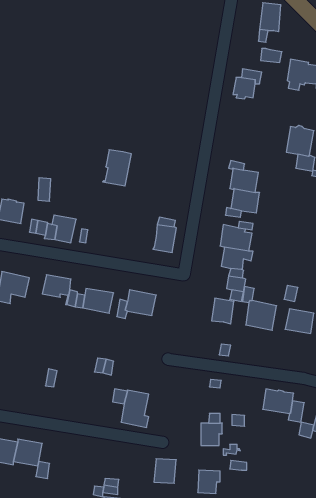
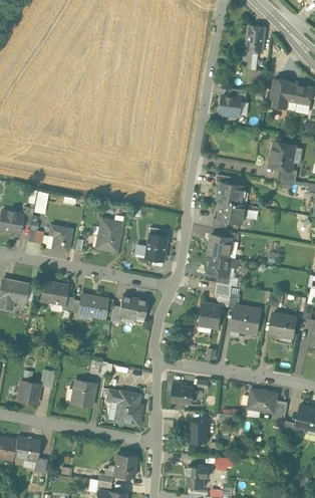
building: [103,150,131,186] -> [95,219,122,253]
building: none -> [71,378,96,407]
building: none -> [17,381,40,405]
building: none -> [171,383,193,405]
building: [154,459,176,483] -> [114,455,135,478]

